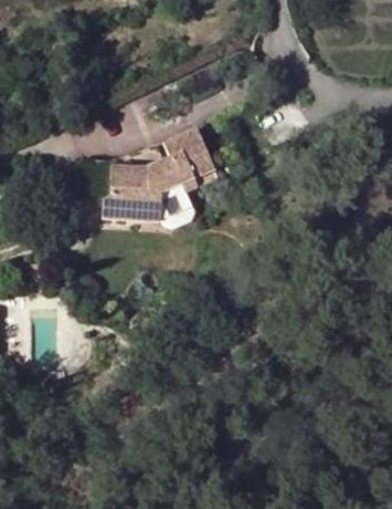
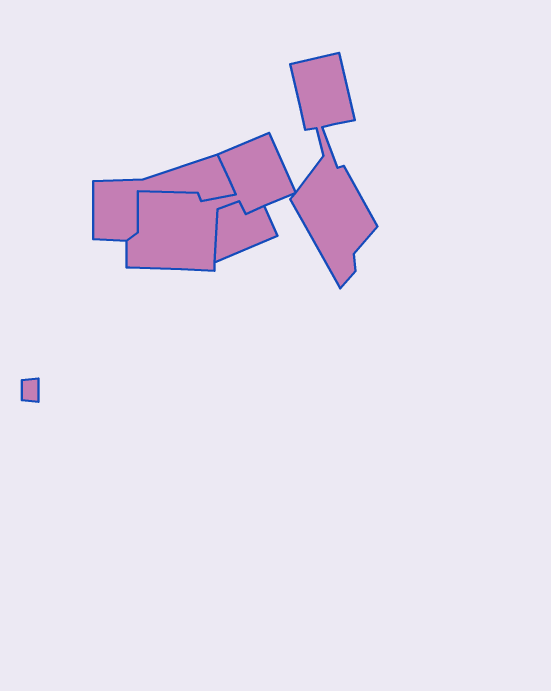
building: none -> [290,53,378,288]

